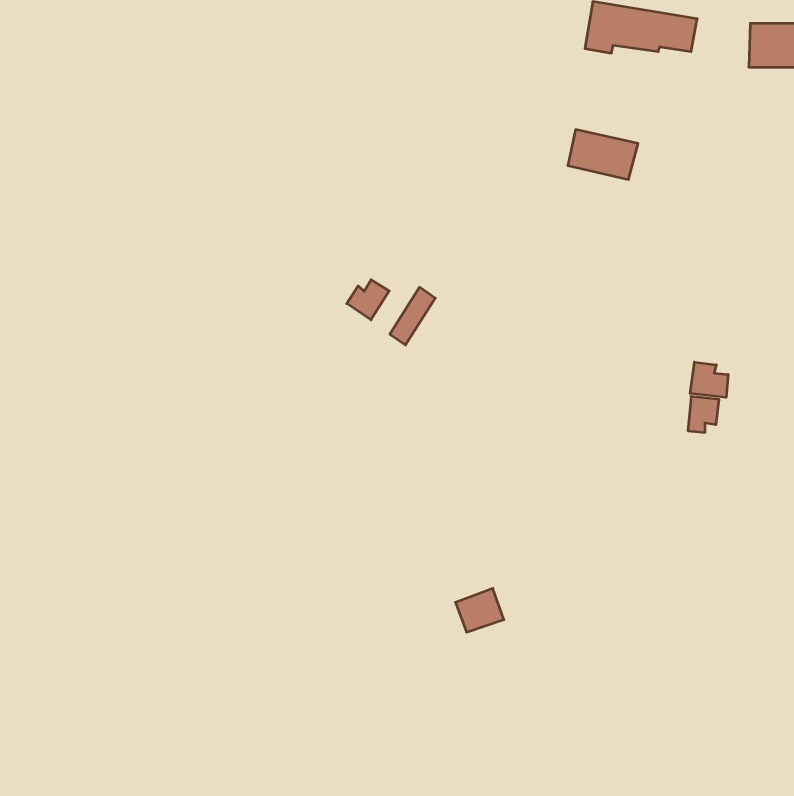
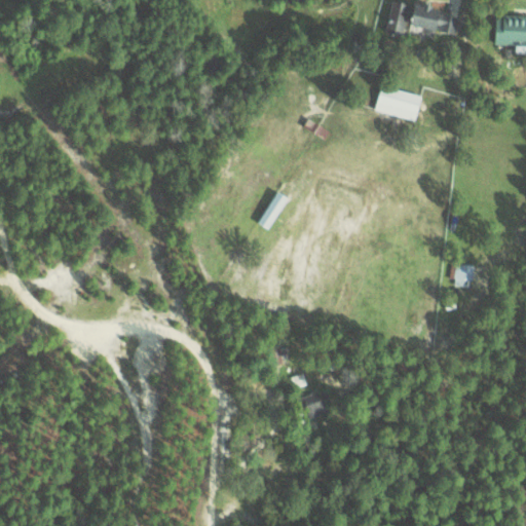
building: [347,280,389,320] -> none
building: [690,362,728,397] -> none

